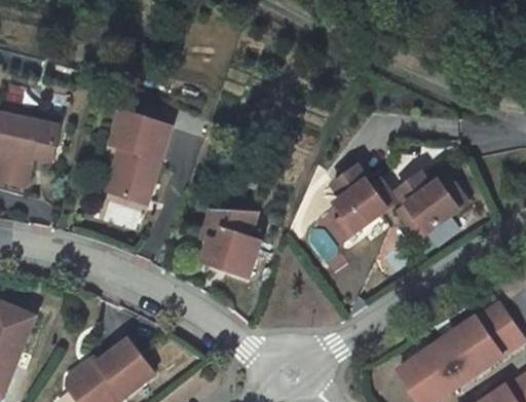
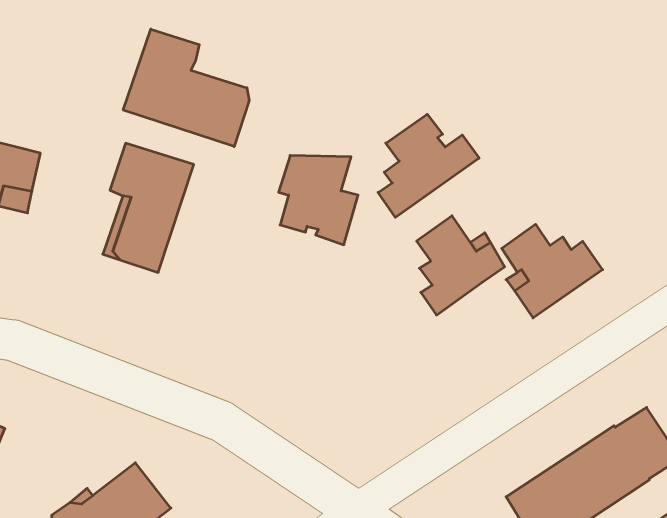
building: none -> [123,29,249,147]
building: none -> [378,114,479,217]
building: [202,213,260,278] -> [279,155,358,245]

